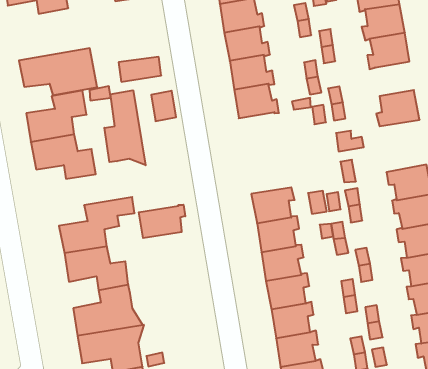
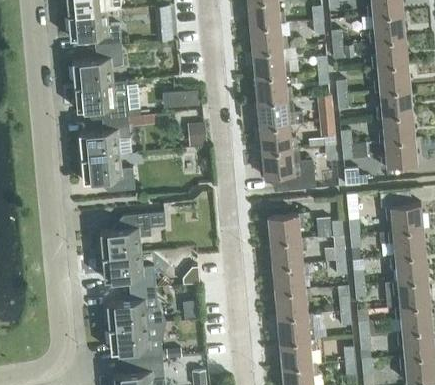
building: none -> [72,45,123,86]
building: none -> [378,113,414,142]
building: [104,90,146,165] -> none
building: none -> [261,148,316,192]
building: [139,205,185,238] -> none

